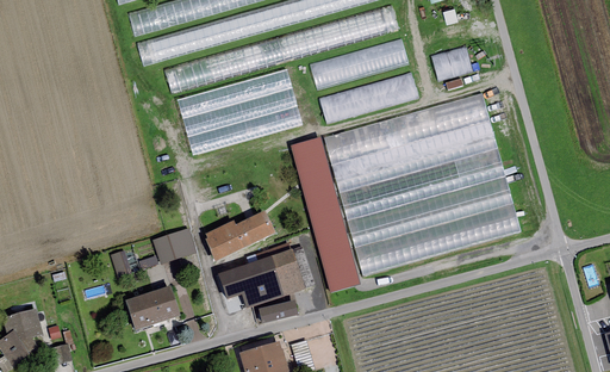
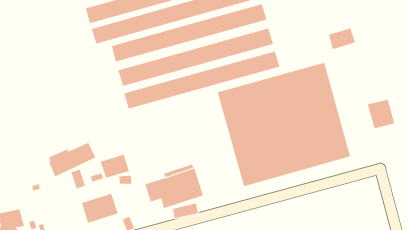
building: [434,46,474,79] -> [328,28,356,50]
building: [291,138,360,291] -> none
building: none -> [367,99,395,129]
building: [205,209,275,260] -> [48,142,96,177]

